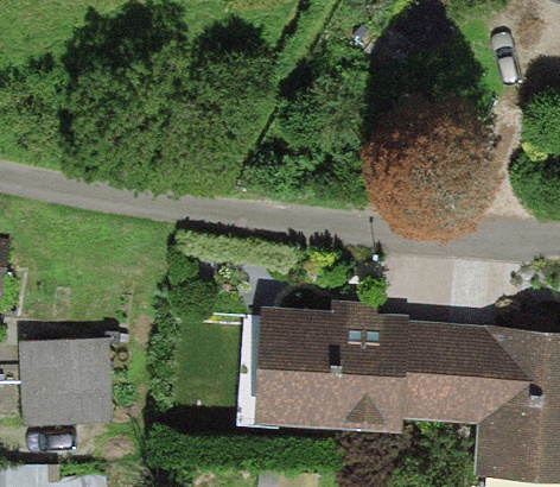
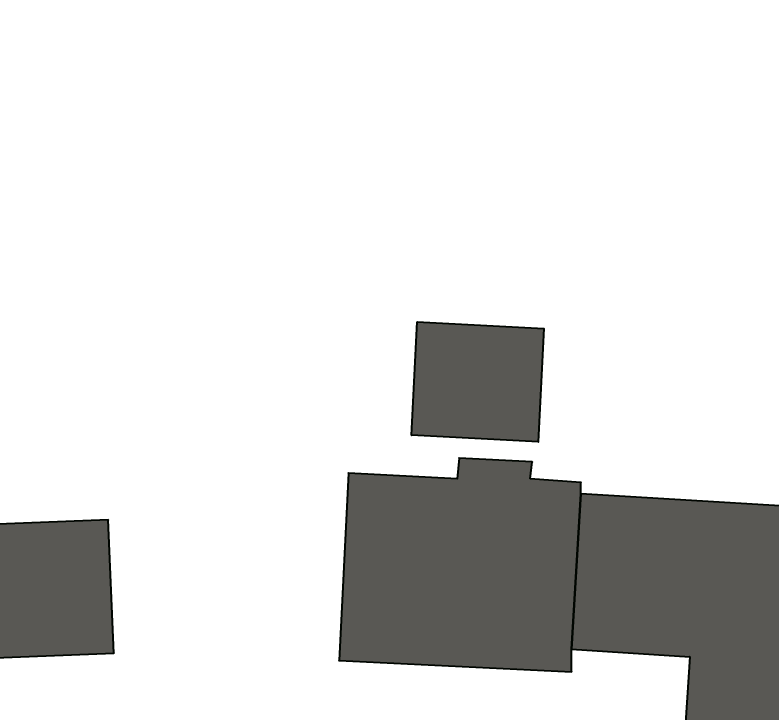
building: none -> [412,322,544,442]

